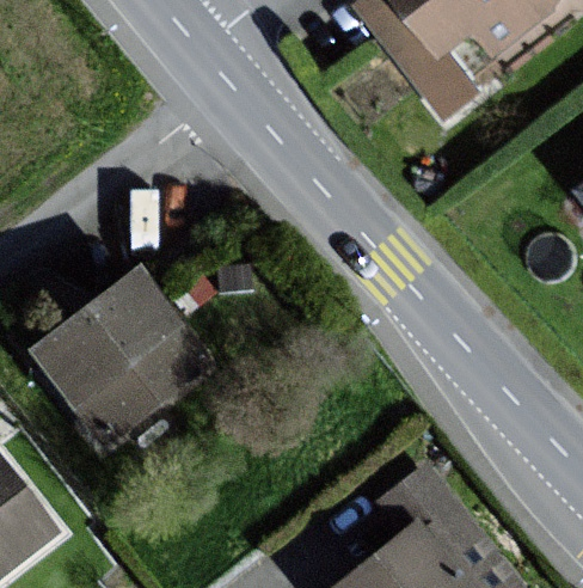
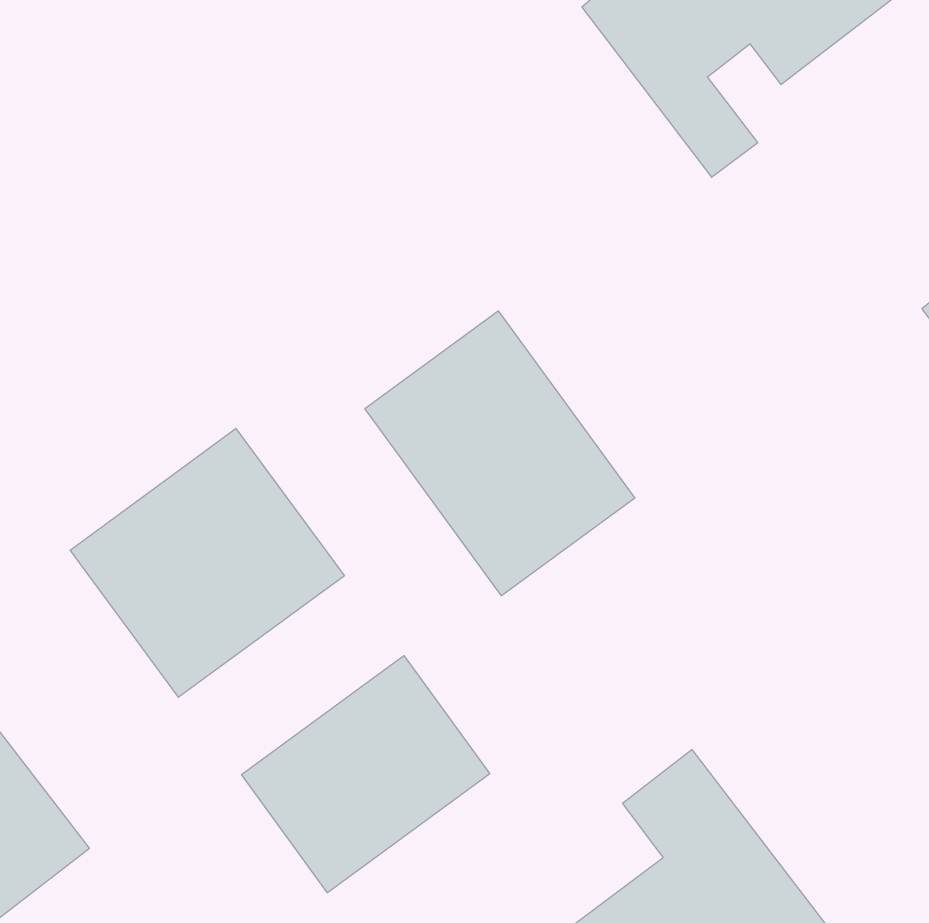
building: none -> [365,311,635,596]
building: none -> [242,656,490,893]

